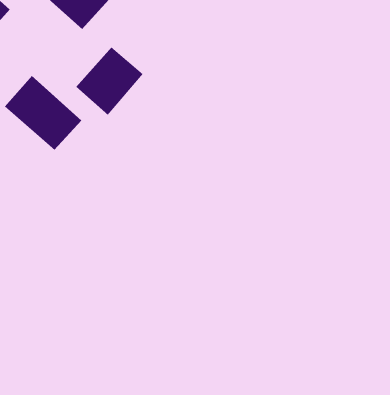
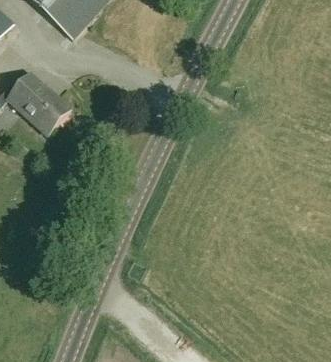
building: [75,46,143,115] -> none

